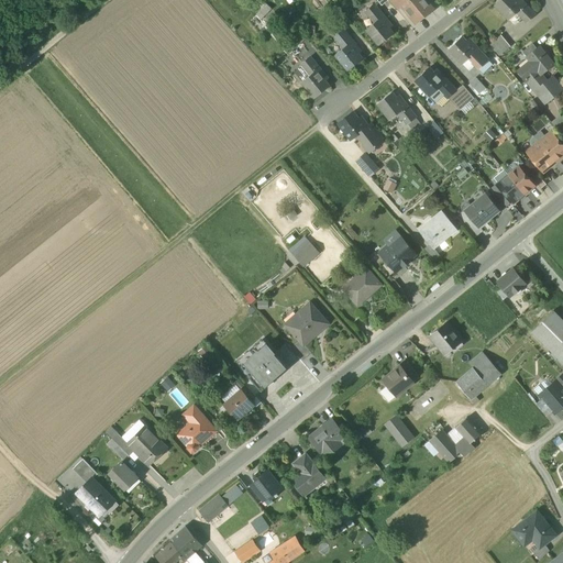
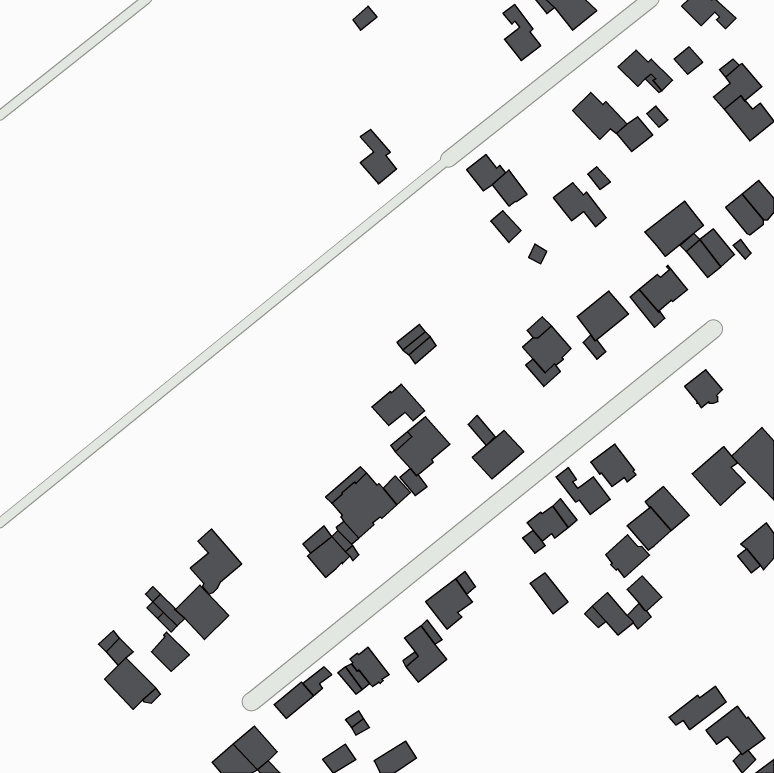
building: [334,30,362,69] -> none
building: [301,57,328,97] -> [360,129,397,184]
building: [377,92,416,124] -> [553,183,606,227]
building: none -> [645,201,703,256]
building: [343,268,380,303] -> [472,430,524,479]
building: none -> [372,384,425,426]
building: none -> [692,447,745,505]
building: none -> [556,467,610,515]
building: none -> [606,535,650,577]
building: [178,405,216,452] -> [190,529,242,594]
building: none -> [669,686,726,730]

